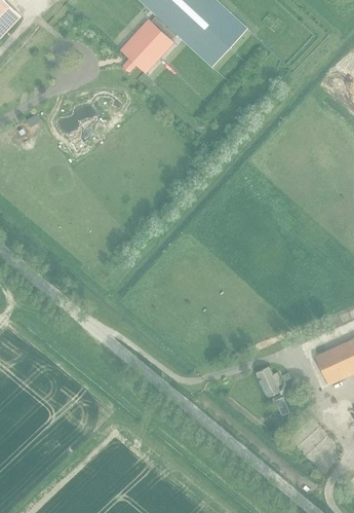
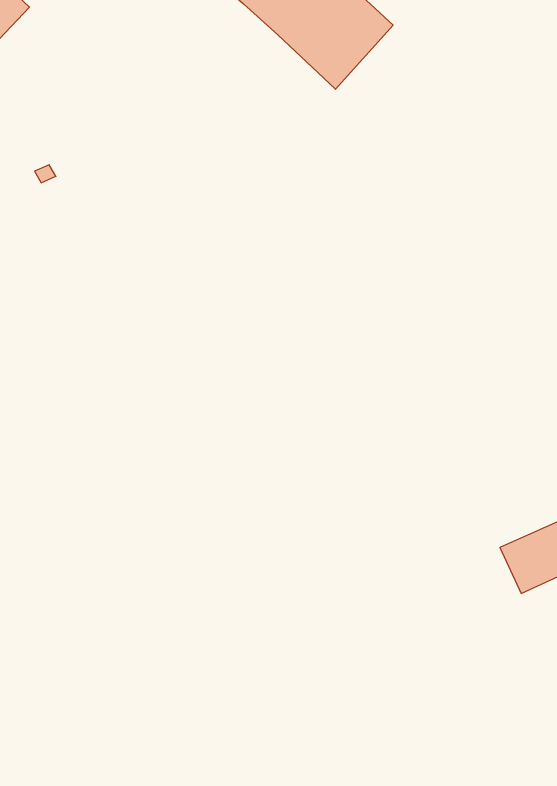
building: [119,17,174,73] -> none
building: [255,365,282,396] -> none

